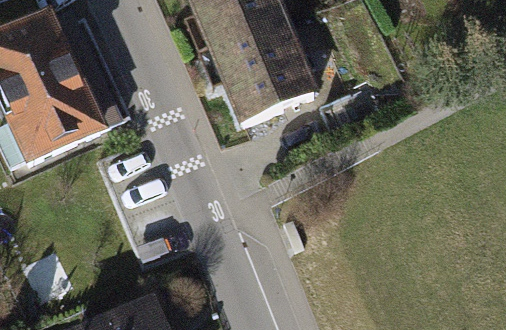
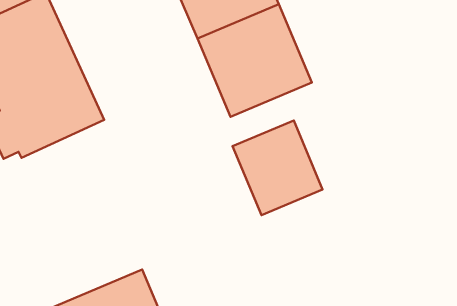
building: none -> [233,120,322,215]

